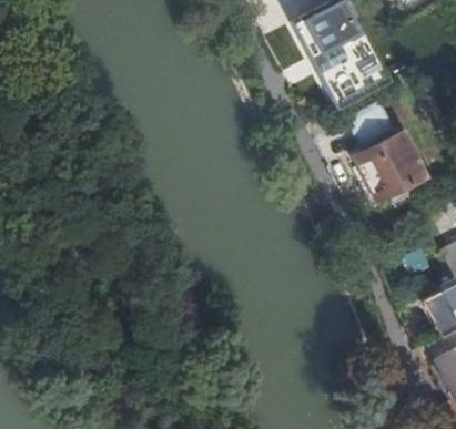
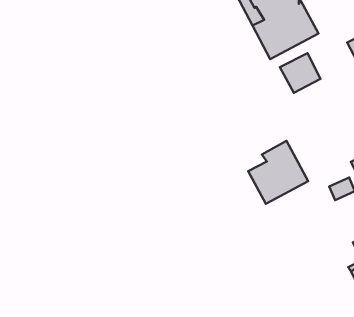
building: [356,129,424,200] -> [248,141,308,204]

